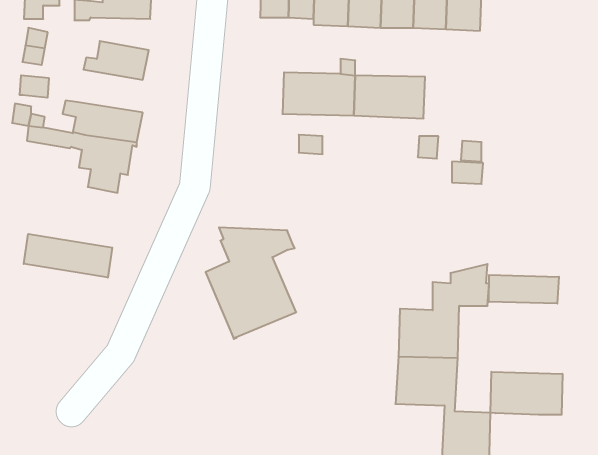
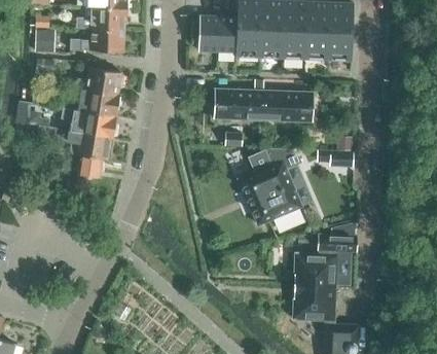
building: none -> [73,86,121,116]
building: [206,227,296,339] -> [240,147,302,224]
building: [24,234,112,278] -> none
building: [489,275,559,304] -> none
building: [490,372,562,415] -> none

